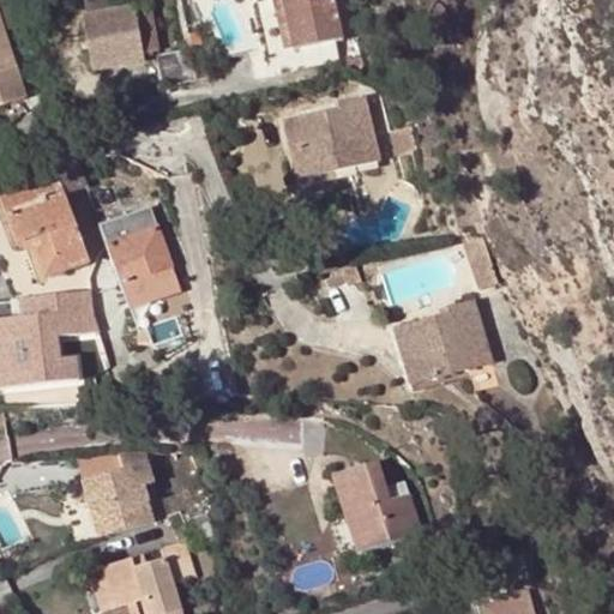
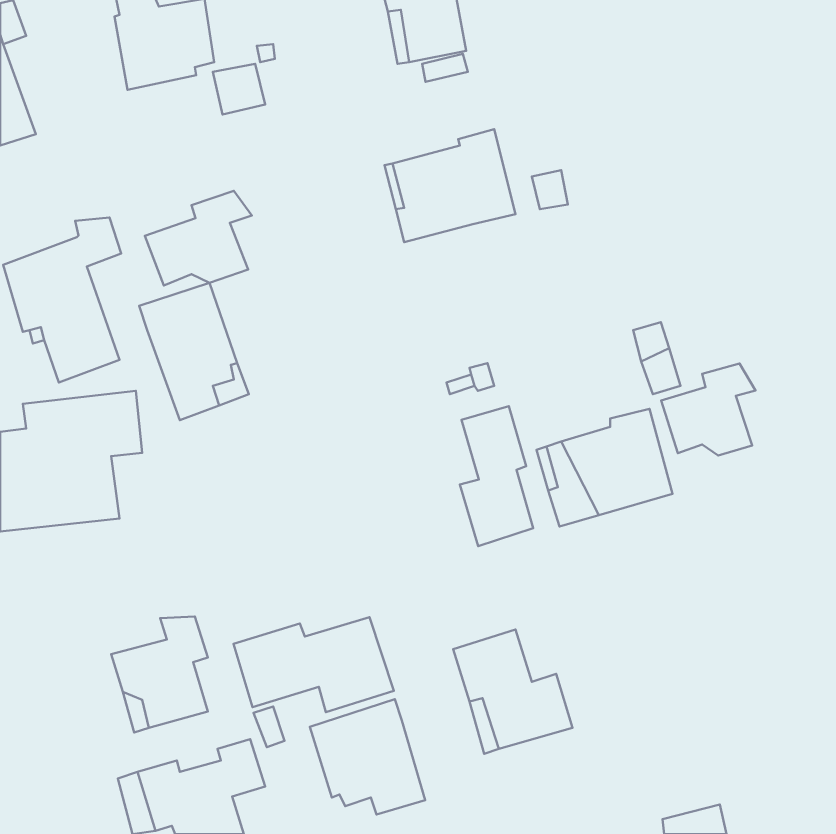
building: none -> [145,191,252,285]
building: none -> [661,363,755,455]
building: none -> [460,406,533,546]
building: none -> [233,617,394,712]
building: none -> [310,699,425,815]

